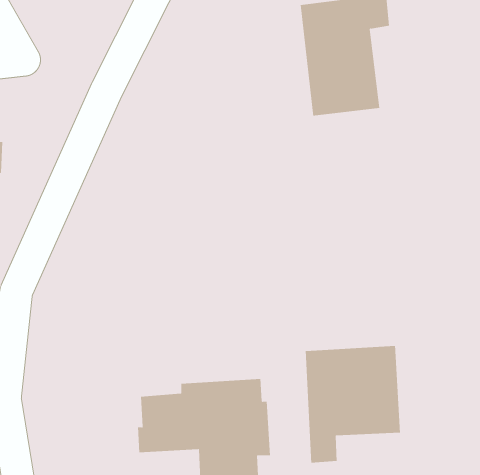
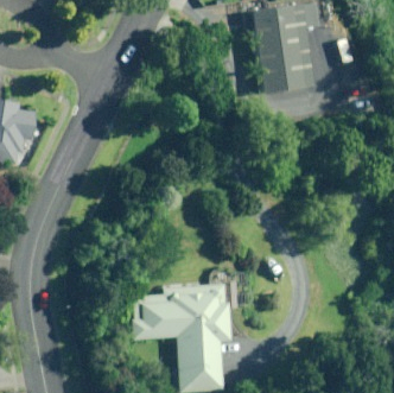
building: [305,345,401,464] -> none

